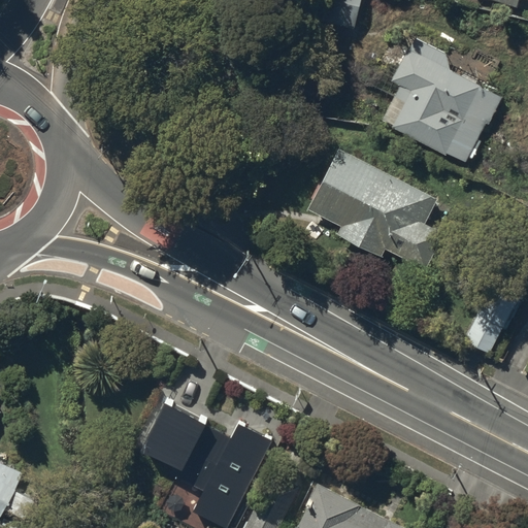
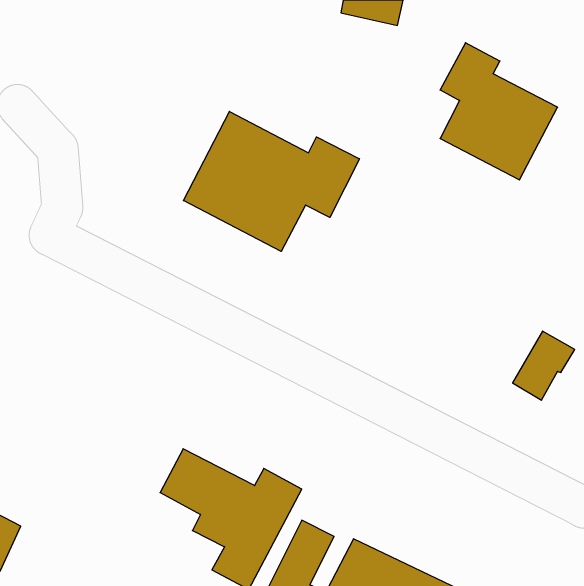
building: none -> [183,111,359,251]
building: [308,153,442,269] -> none

